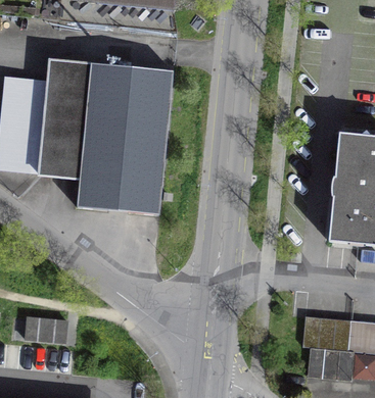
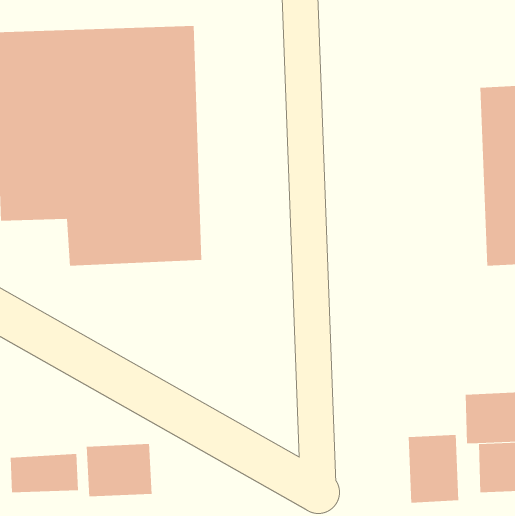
building: none -> [86,443,152,497]
building: none -> [408,434,459,503]

